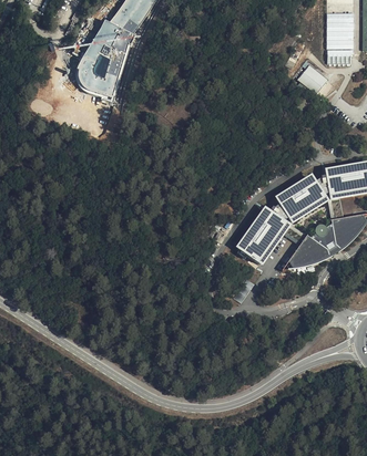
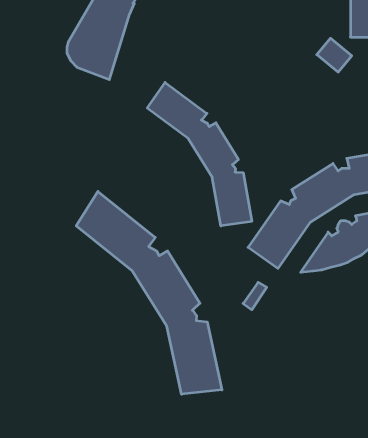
building: none -> [147,82,252,226]
building: none -> [76,191,222,394]

